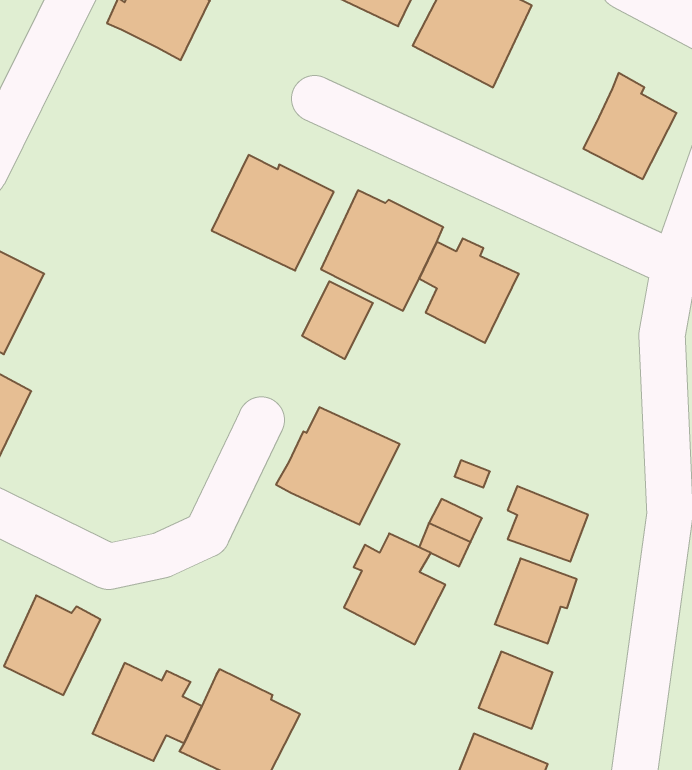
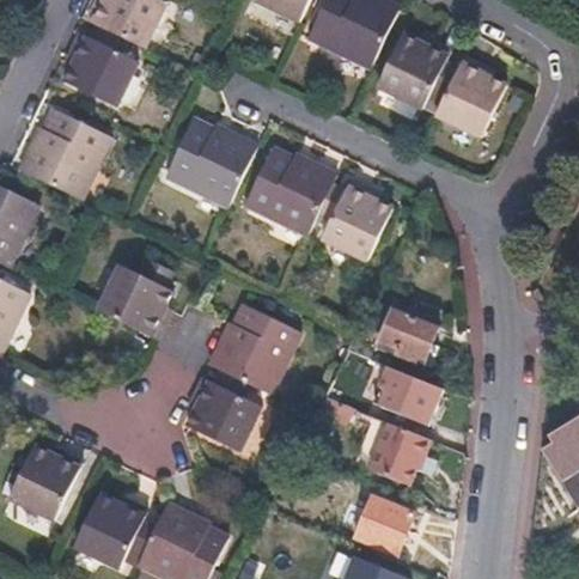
building: none -> [60,25,133,105]
building: none -> [380,36,459,108]
building: none -> [16,110,106,200]
building: [302,281,373,359] -> none
building: none -> [97,266,171,339]
building: none -> [382,303,439,359]
building: [344,533,445,644] -> [187,370,262,452]

